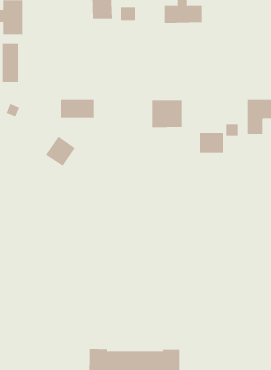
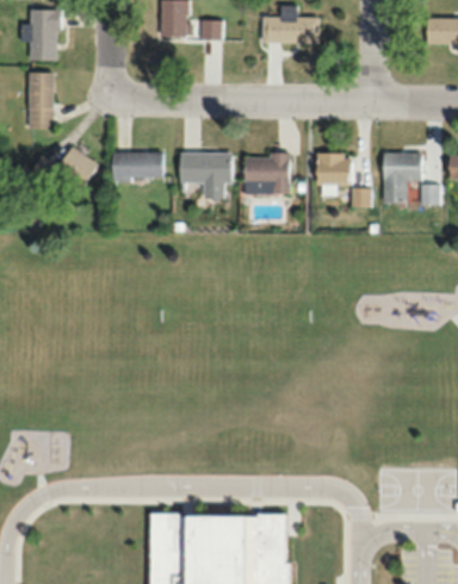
building: none -> [179,153,231,198]
building: [199,132,224,153] -> [316,155,352,185]
building: [45,136,76,166] -> [54,147,98,191]

